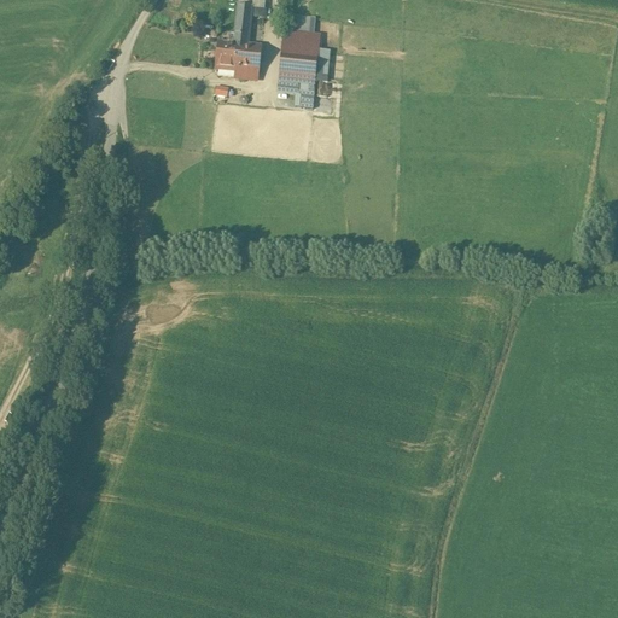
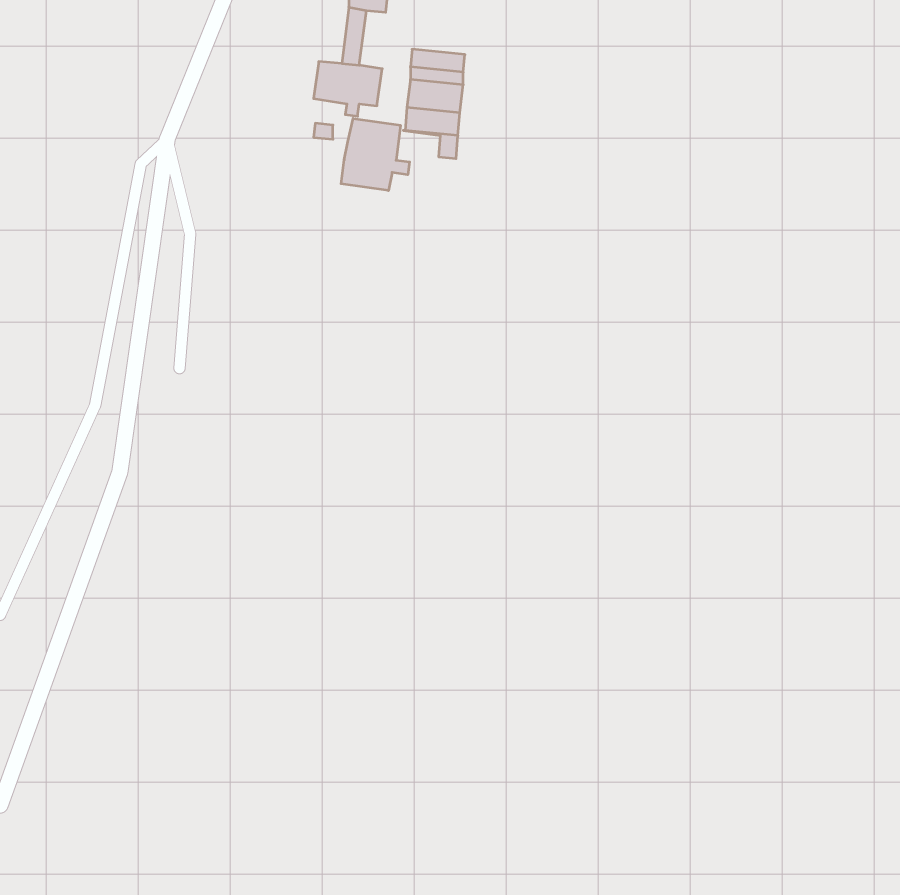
building: none -> [341,118,410,191]

